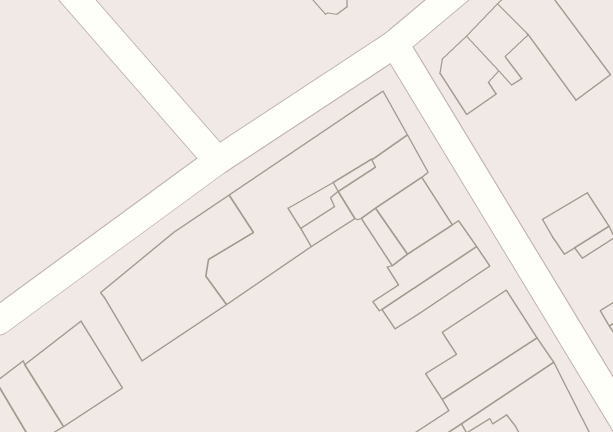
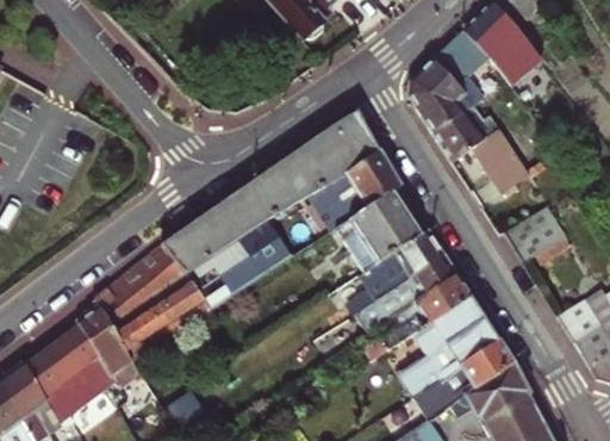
building: none -> [435,105,529,192]
building: none -> [381,272,472,349]
building: none -> [75,302,141,385]

